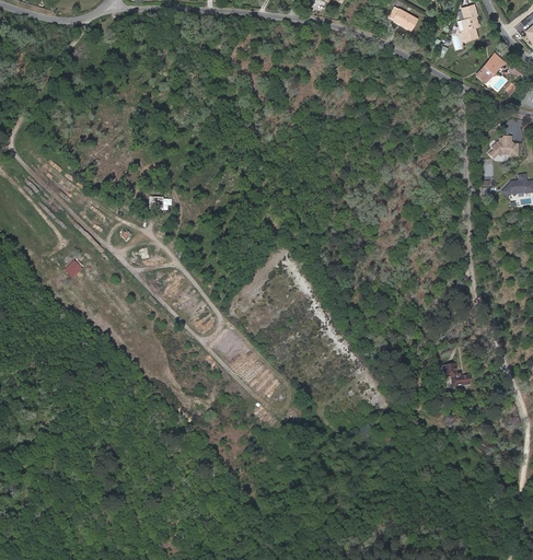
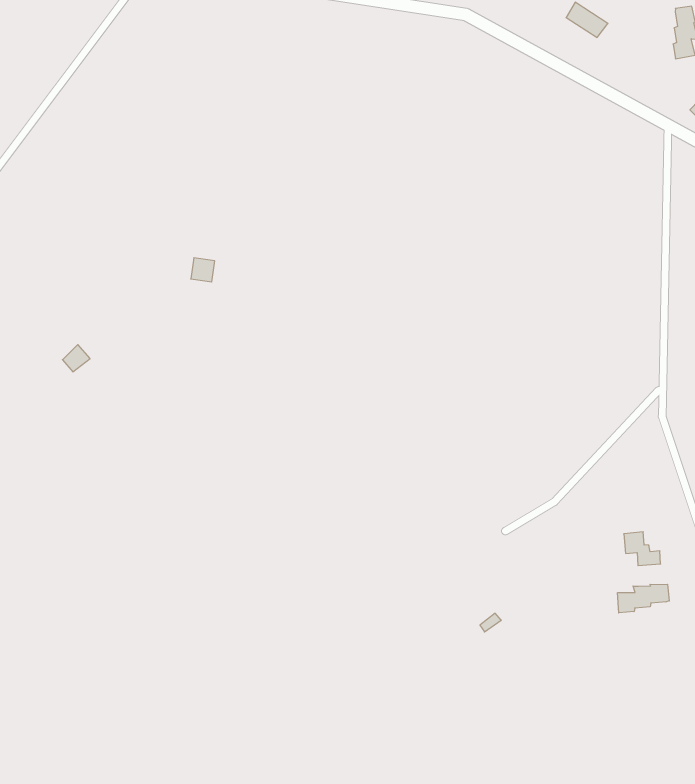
building: none -> [618,584,669,613]

